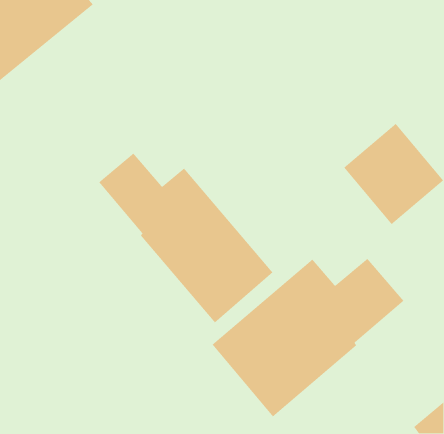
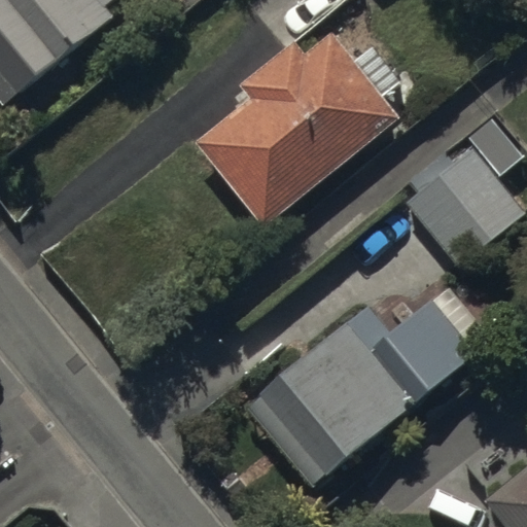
building: none -> [196,35,397,227]
building: [98,152,274,323] -> none

